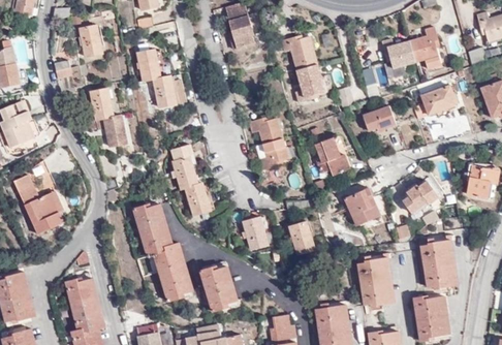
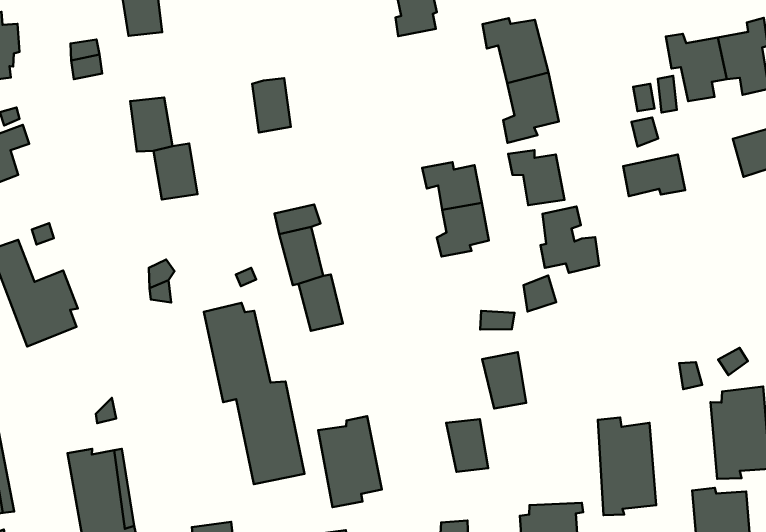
building: [136,50,160,82] -> none
building: none -> [508,150,565,205]
building: [403,183,441,216] -> none
building: [347,184,381,224] -> none
building: [243,217,268,247] -> [446,419,488,472]

